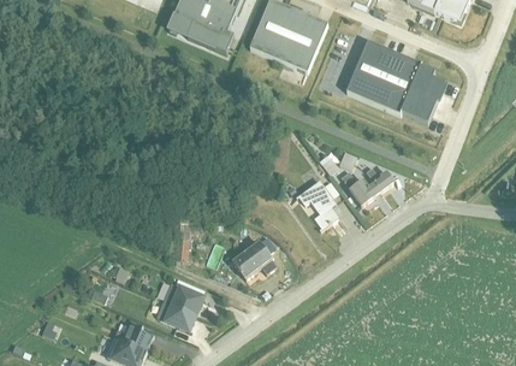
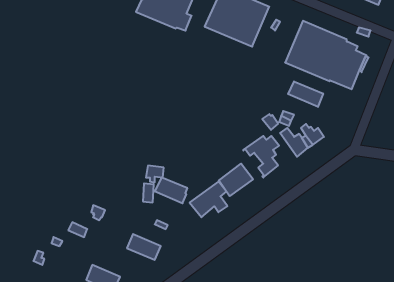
building: none -> [288,81,323,107]
building: none -> [219,164,253,196]
building: [162,283,202,314] -> [155,177,187,203]
building: [113,323,154,352] -> none

